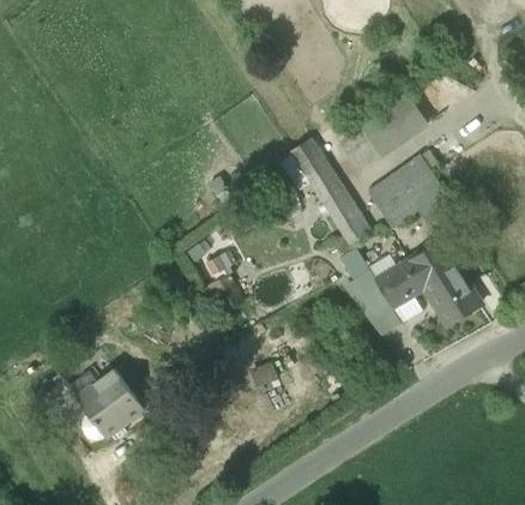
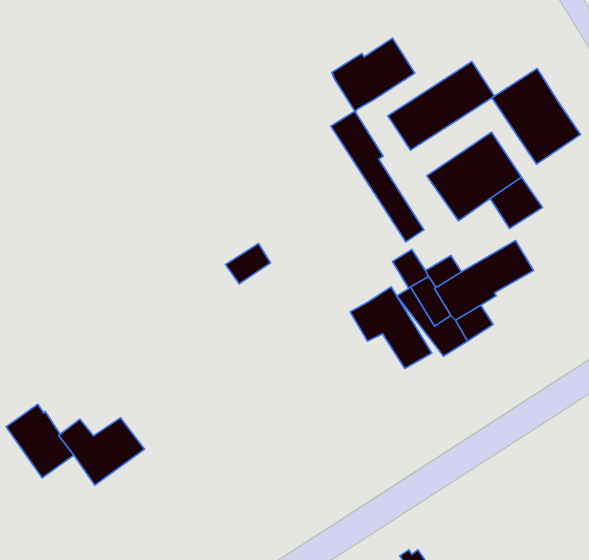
building: none -> [332,38,415,111]
building: none -> [492,69,580,164]
building: [423,265,479,324] -> none
building: none -> [350,287,432,368]

